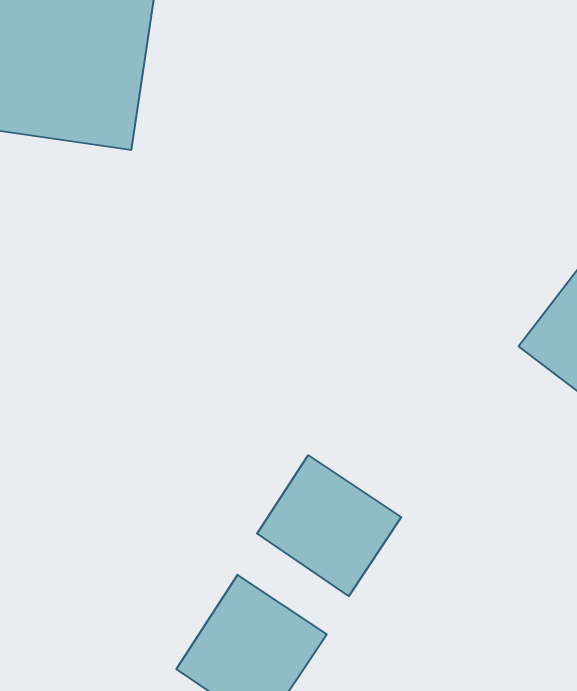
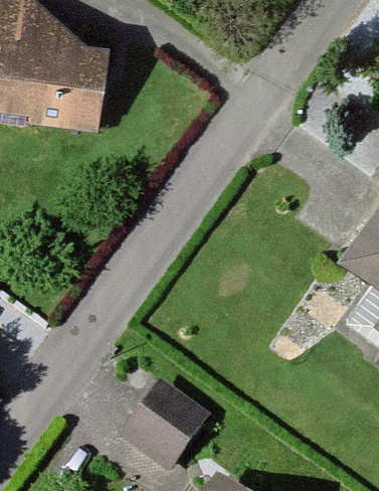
building: [257,455,401,596] -> none

